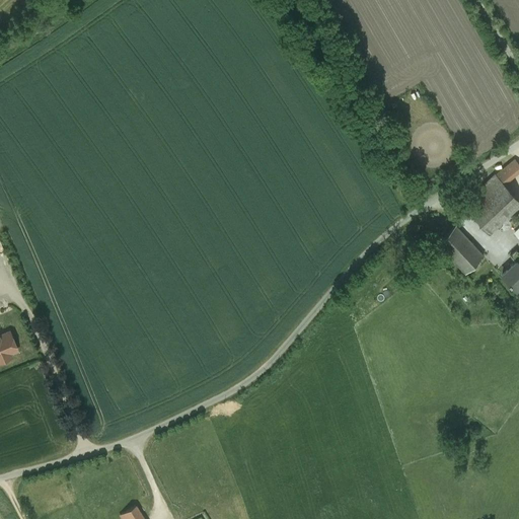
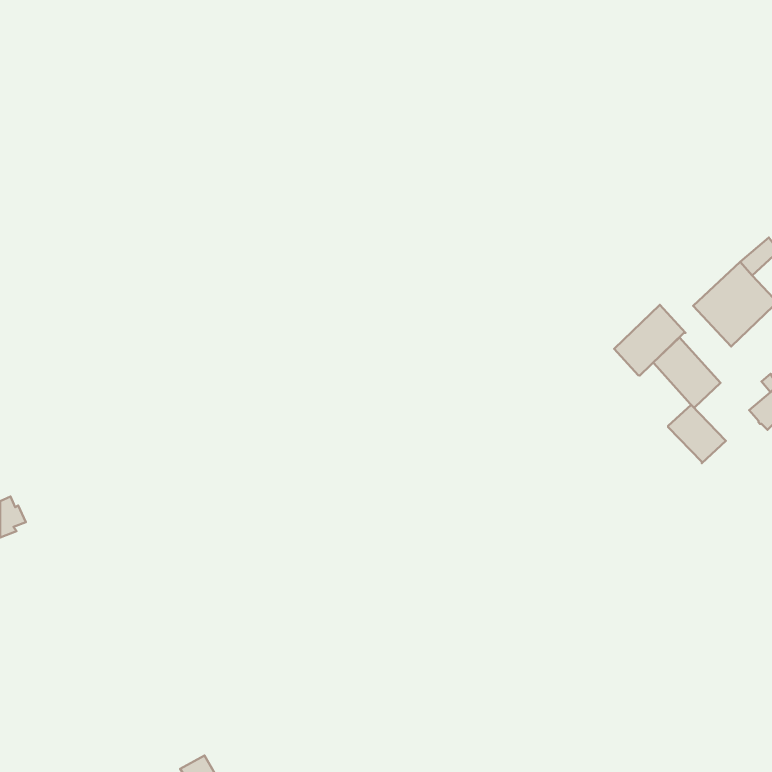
building: none -> [614,305,686,375]
building: none -> [668,405,726,463]

